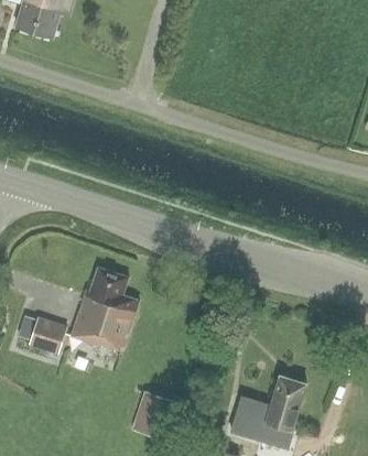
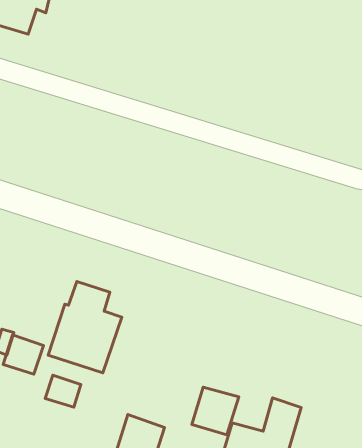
building: none -> [45,375,81,407]
building: none -> [192,387,239,435]

